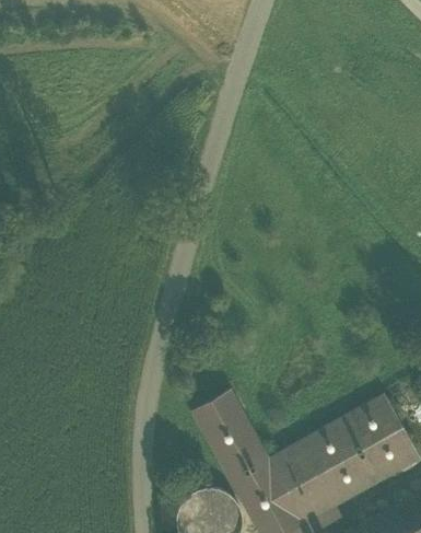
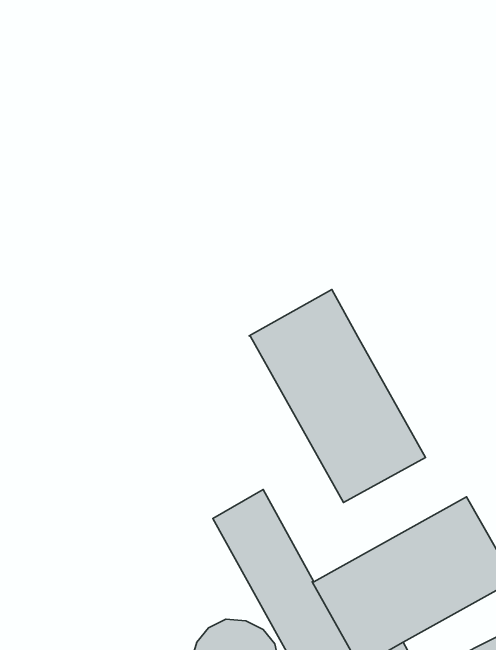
building: none -> [249,290,425,502]

